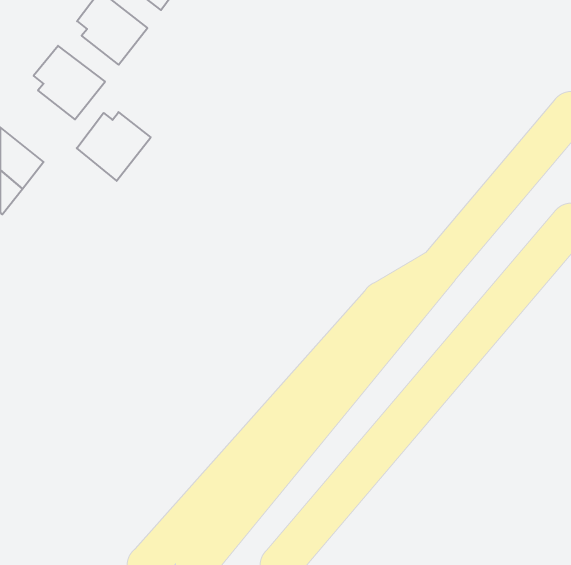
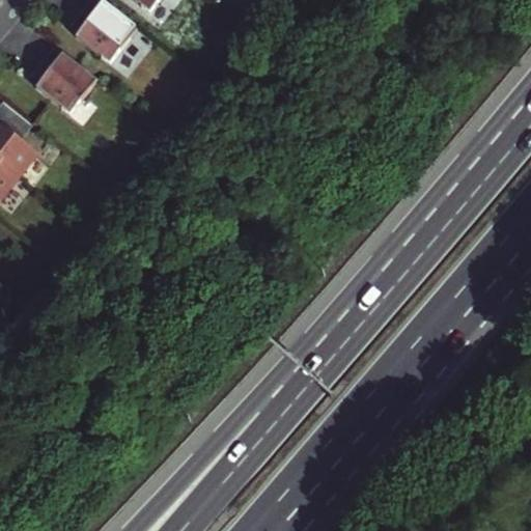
building: [77,112,151,181] -> none

